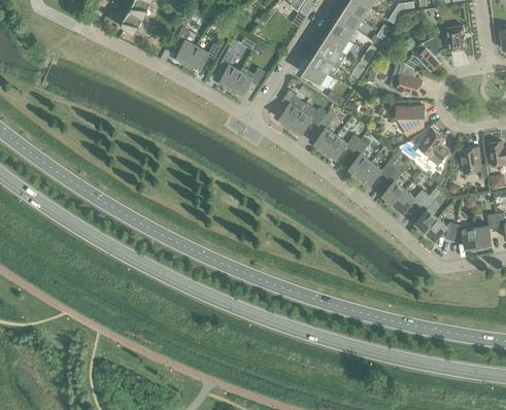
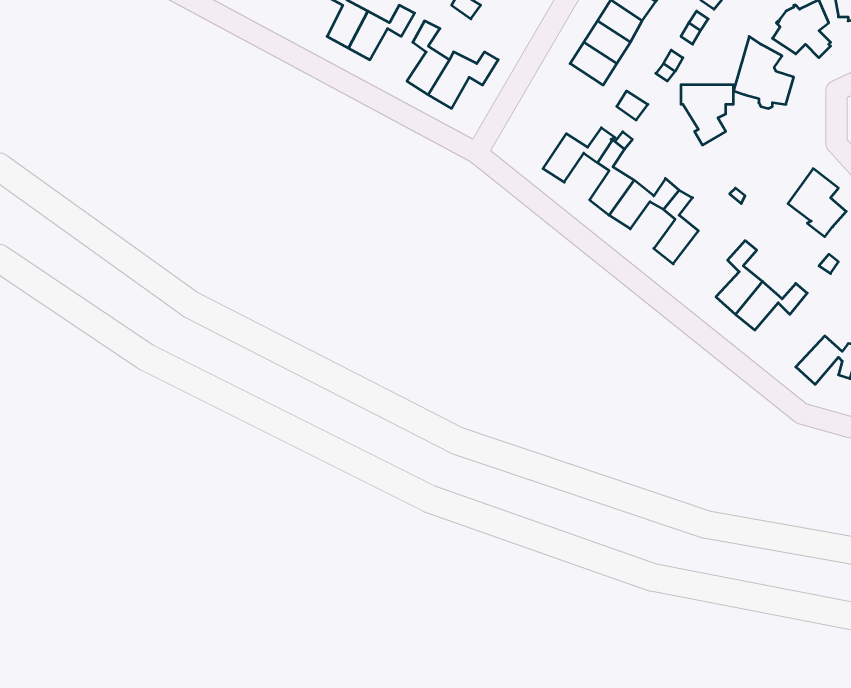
building: [278,89,301,129] -> none
building: [397,106,425,138] -> [681,85,733,145]
building: [358,161,396,187] -> none
building: [413,195,438,234] -> none

